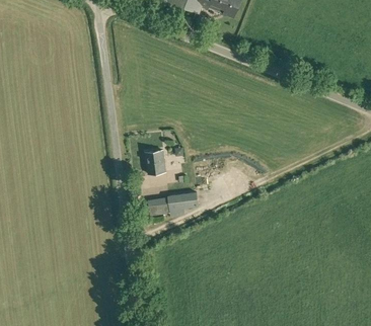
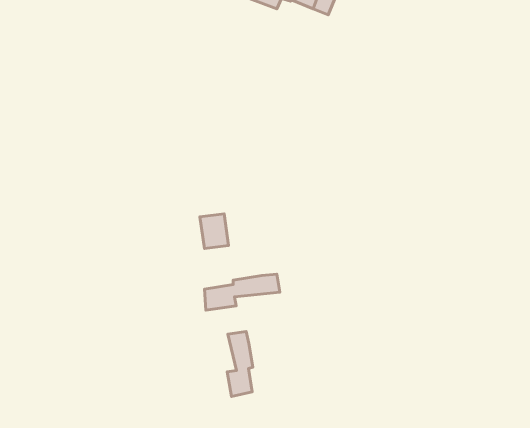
building: none -> [227,331,253,397]

